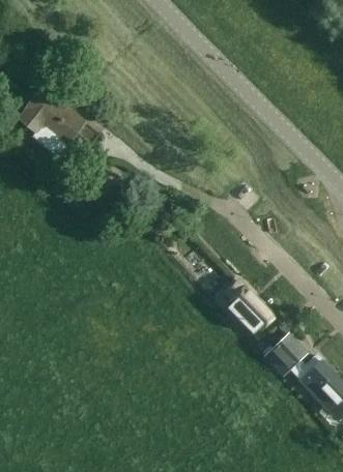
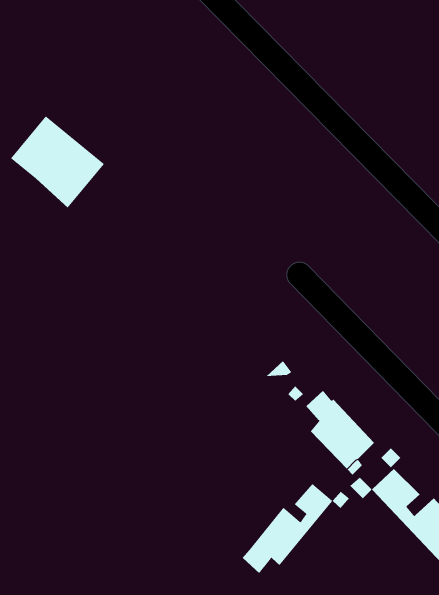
building: none -> [242,483,350,574]

